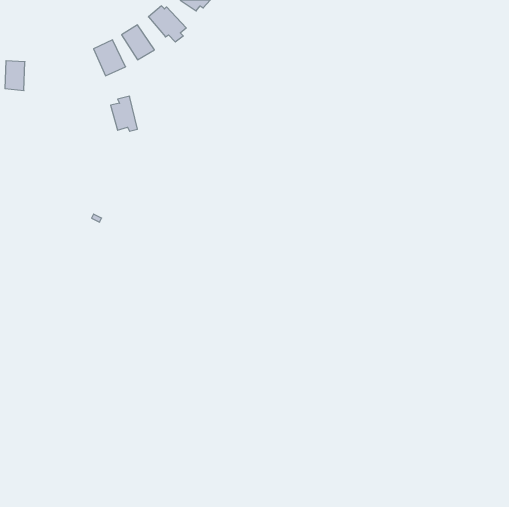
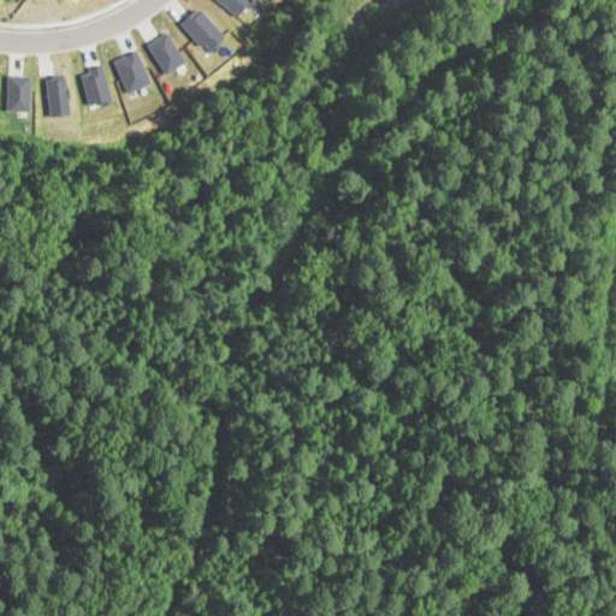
building: none -> [45,77,71,116]
building: [111,96,137,131] -> [79,64,112,106]

